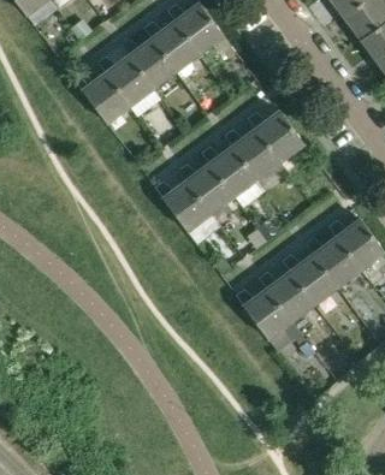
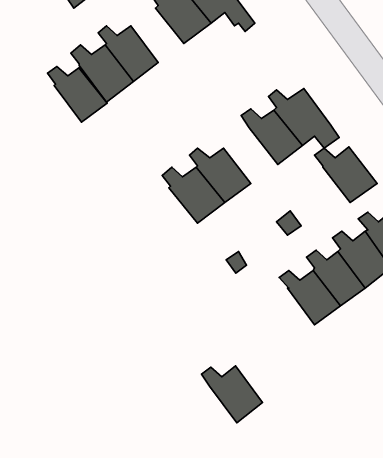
building: [123,40,176,89] -> [47,66,107,122]
building: [203,147,259,196] -> [315,147,377,203]
building: [237,289,291,339] -> [201,366,263,423]

